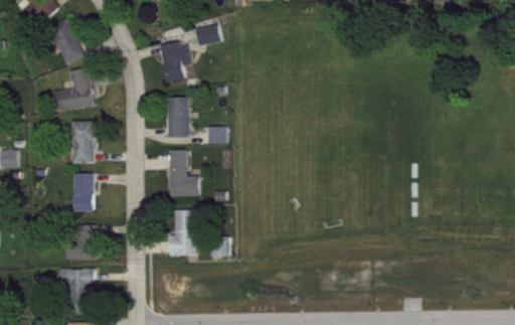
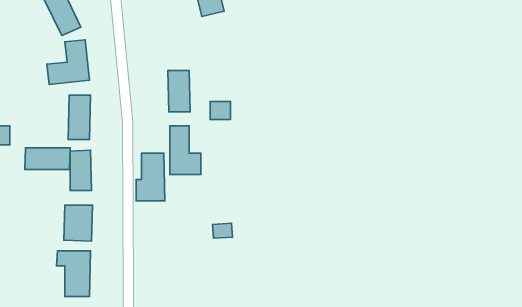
building: [159,41,190,83] -> none
building: none -> [25,148,70,169]
building: [169,210,196,256] -> [136,153,165,201]

